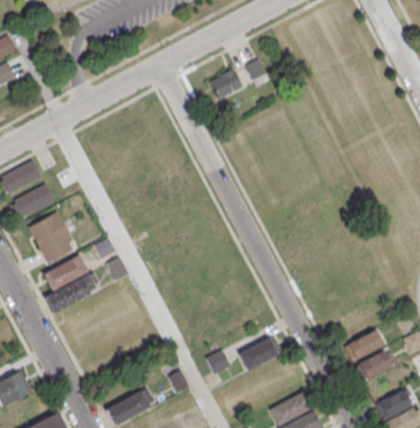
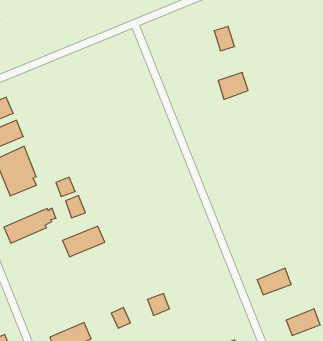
building: [209,69,242,100] -> [218,72,248,99]
building: [43,255,88,290] -> [62,226,105,257]
building: [345,329,382,360] -> [257,268,291,295]
building: [238,338,278,369] -> none

